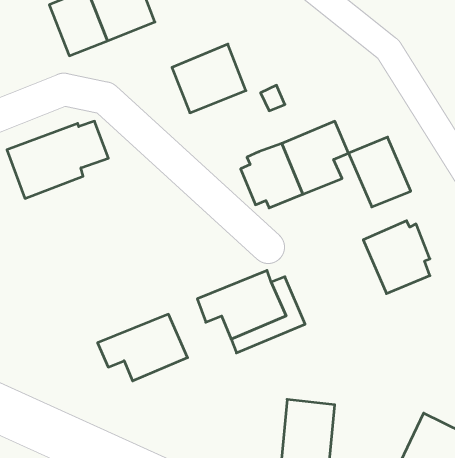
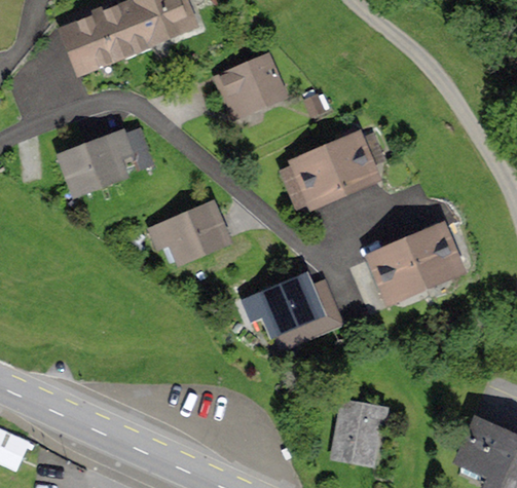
building: none -> [59,12,116,77]
building: [348,137,411,207] -> [364,240,424,308]
building: [98,314,188,381] -> [146,198,233,263]

